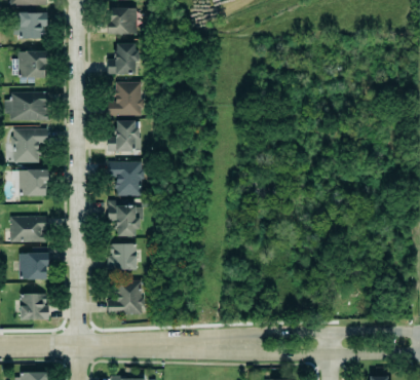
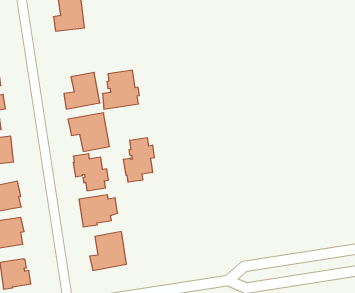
building: [106,81,143,115] -> [102,70,139,109]
building: none -> [124,138,154,182]

